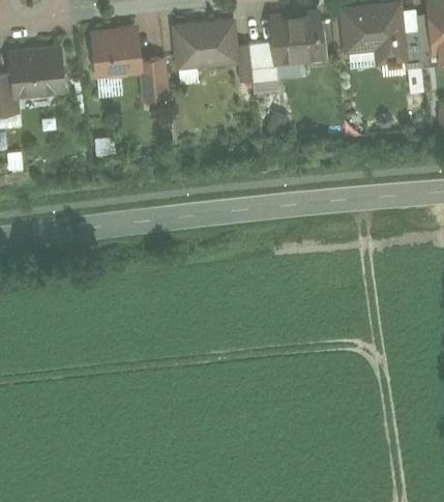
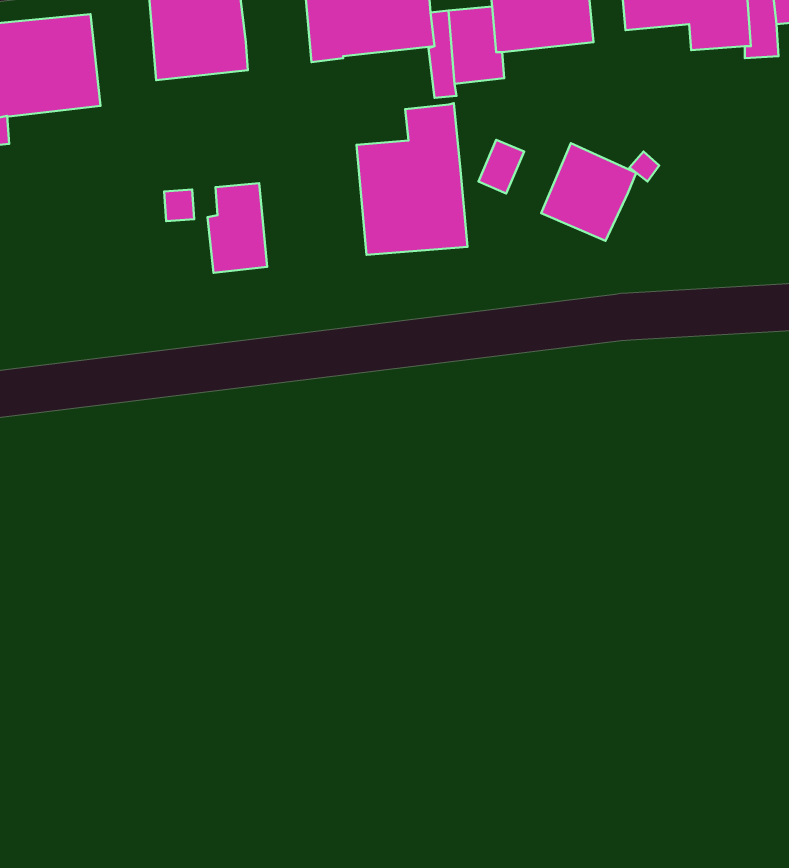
building: [138,59,169,106] -> [207,183,267,273]
building: none -> [356,103,467,255]
building: none -> [541,143,636,241]

